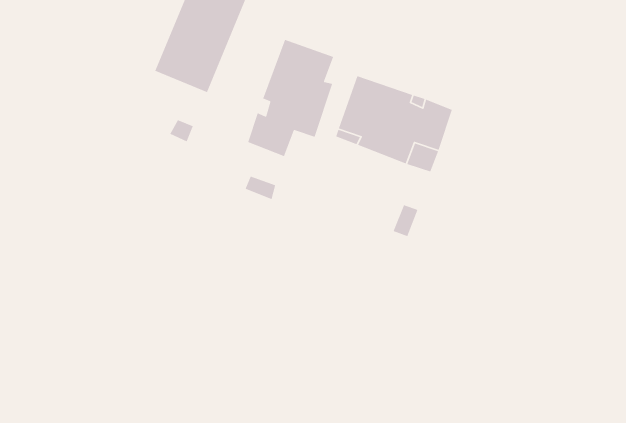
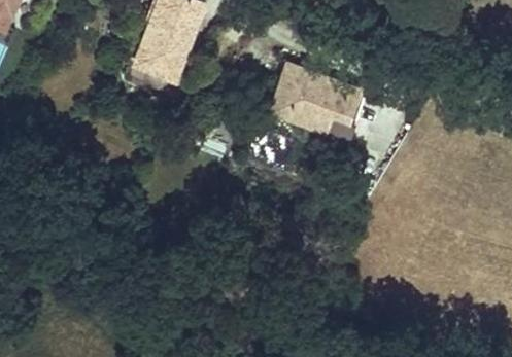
building: [247,39,334,157] -> none

